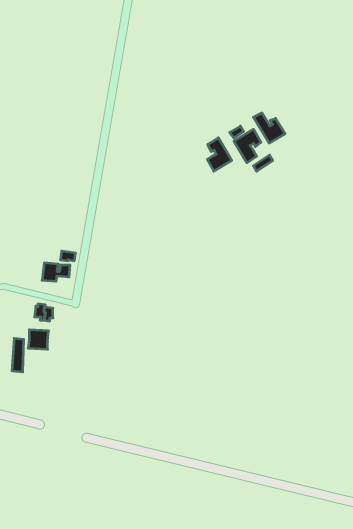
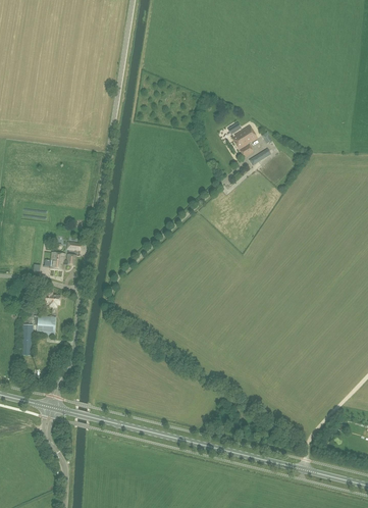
building: [253,113,285,143] -> none
building: [207,138,232,171] -> none

